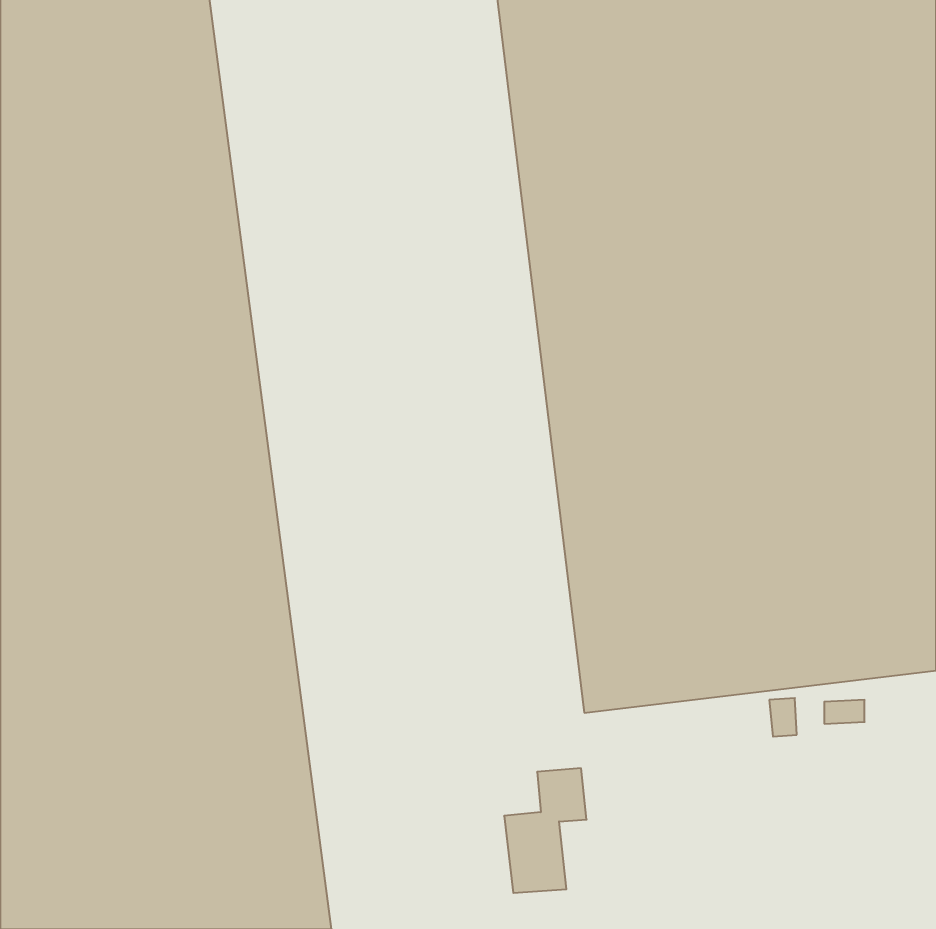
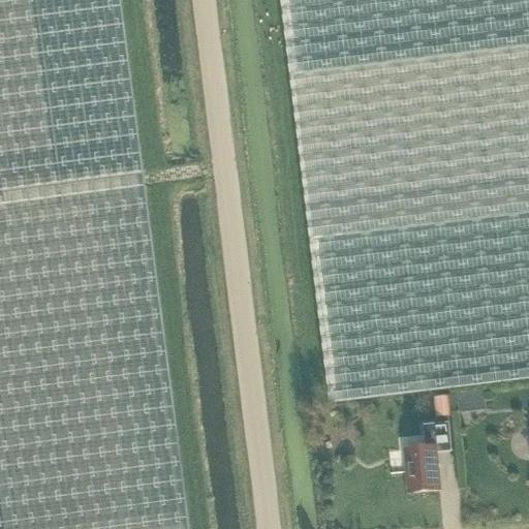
building: [504,768,587,893] -> [405,421,452,491]

